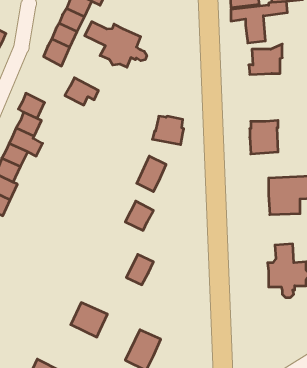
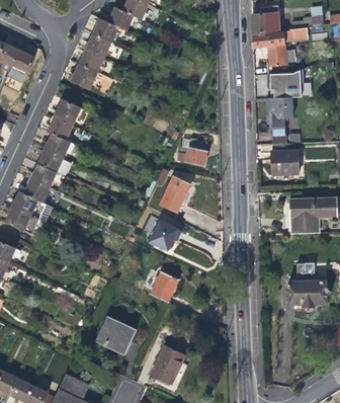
building: [85,22,147,67] -> none
building: none -> [265,97,292,144]
building: [65,78,98,105] -> [54,99,86,126]

